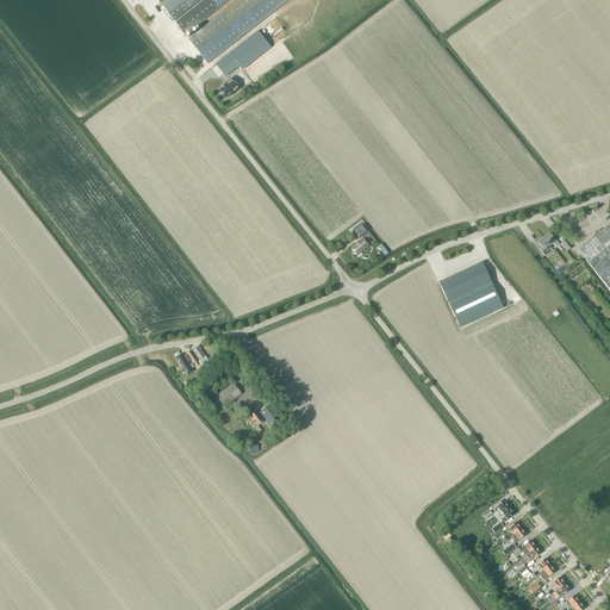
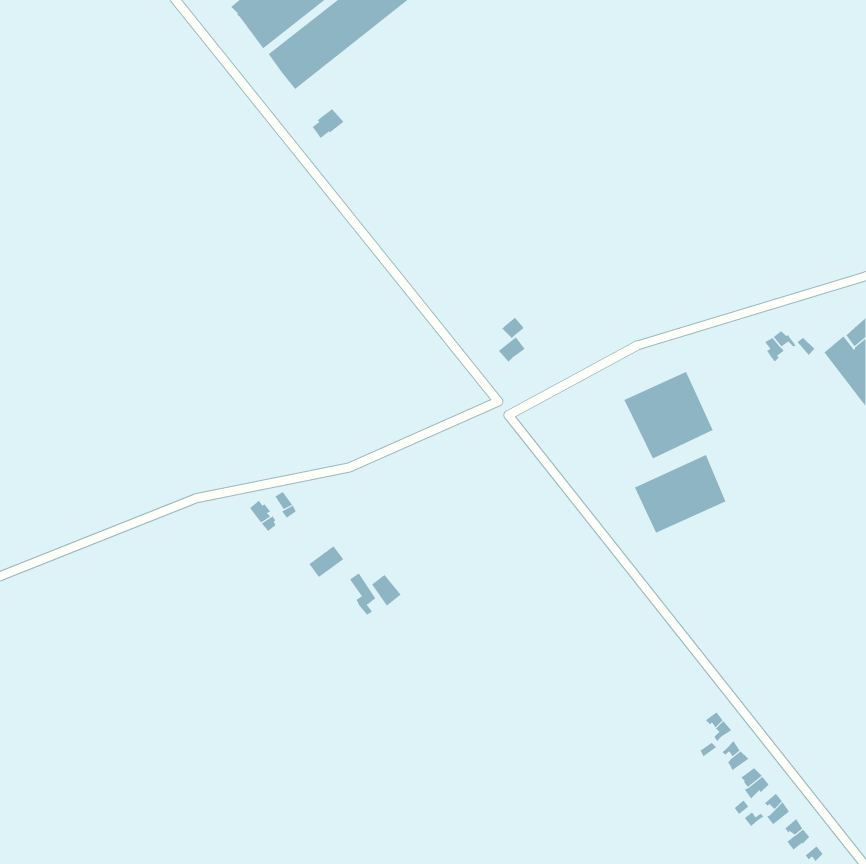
building: [216,30,272,71] -> none
building: none -> [634,454,726,533]

